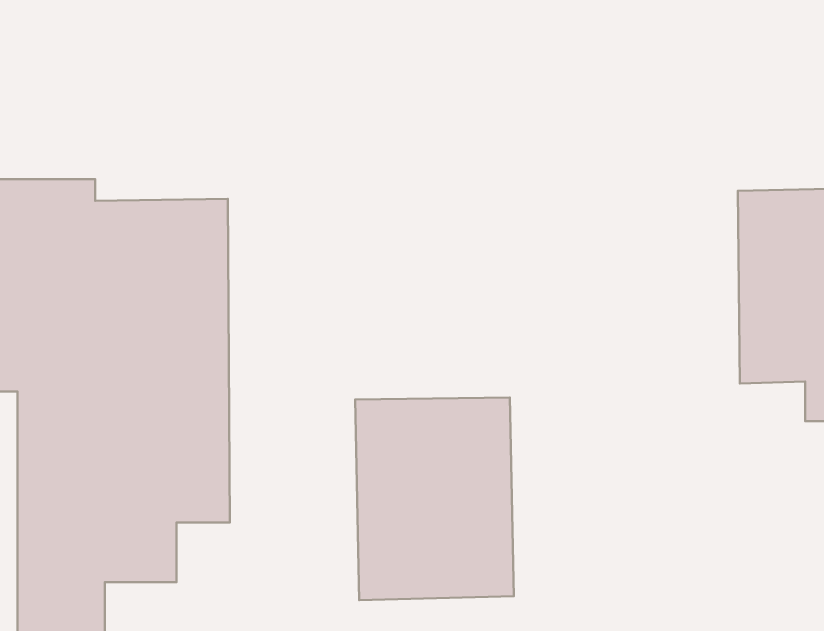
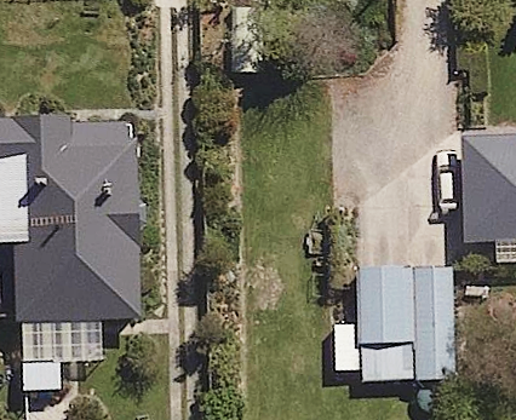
building: [355,398,514,600] -> [357,255,454,379]

